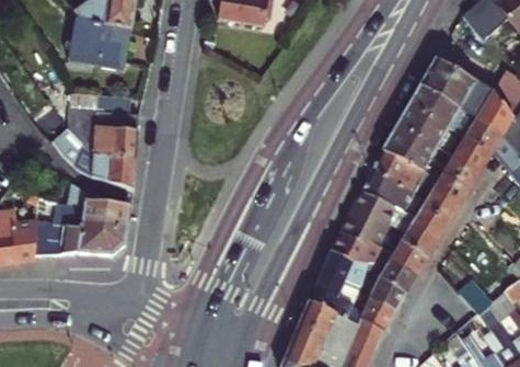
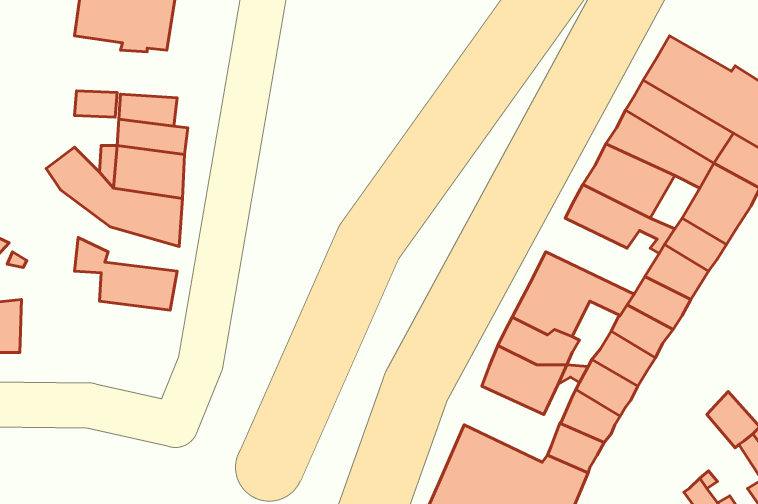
building: [359,172,429,219] -> none
building: [34,204,127,256] -> none
building: [309,276,362,323] -> none

